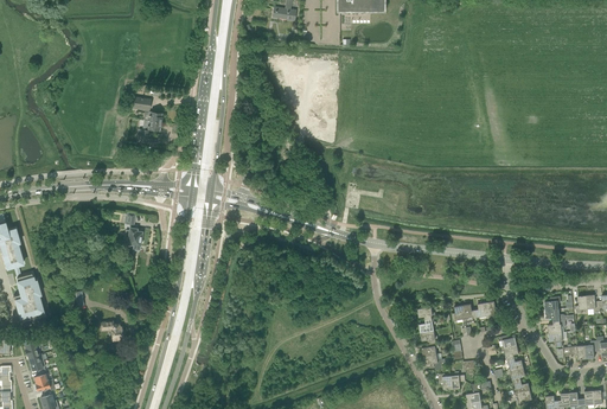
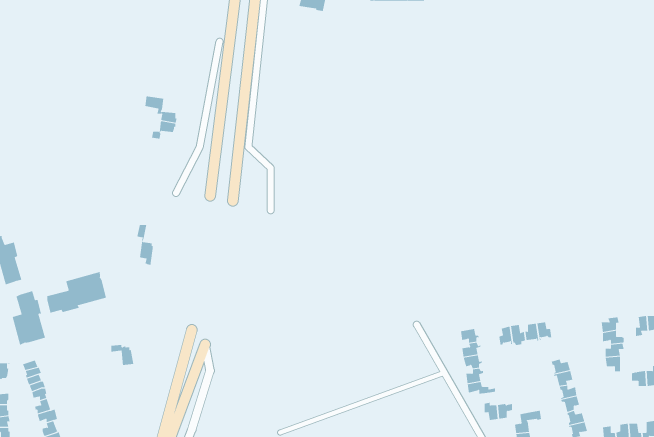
building: none -> [46,271,107,313]

